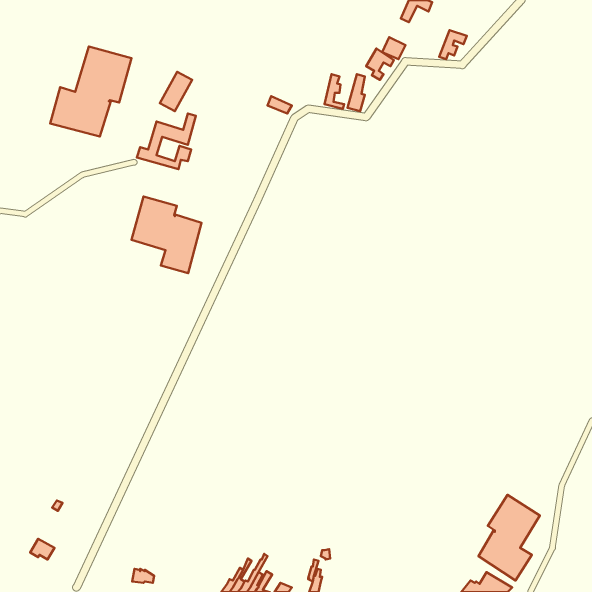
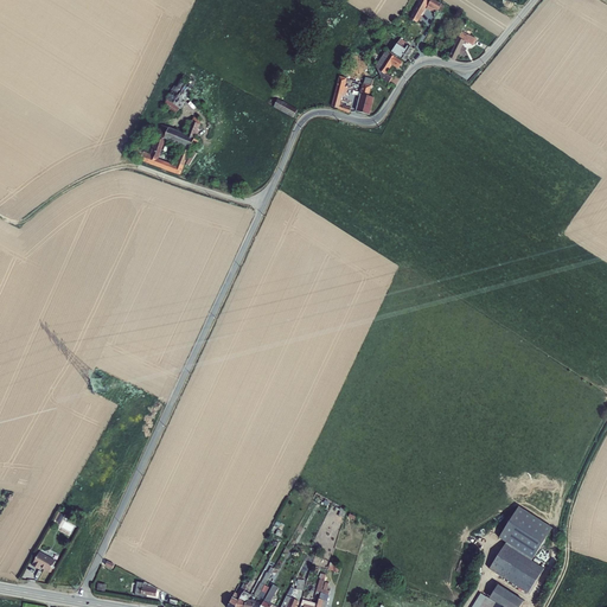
building: [50,47,132,136] -> none
building: [132,196,201,273] -> none

